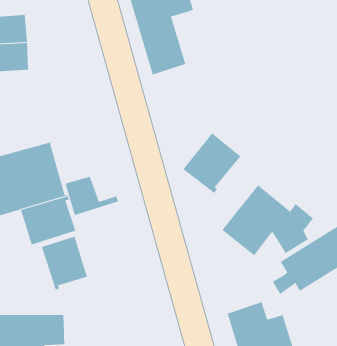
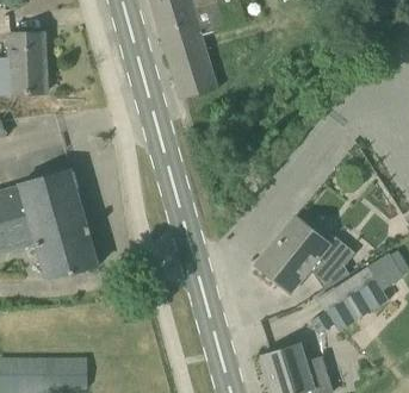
building: [182,132,241,194] -> none
building: [65,176,119,216] -> none
building: [41,236,88,290] -> none

